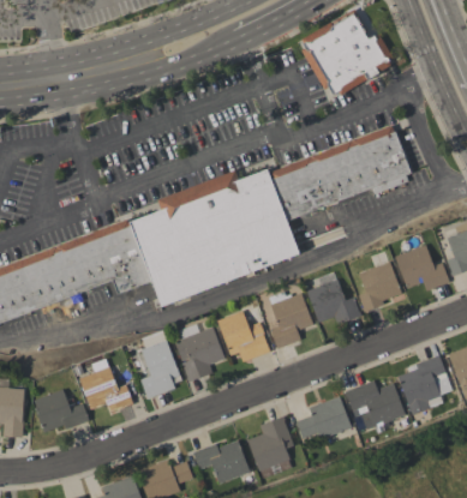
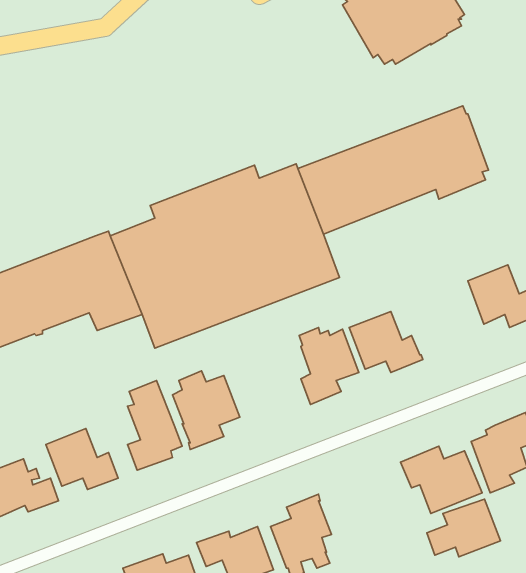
building: [358,262,402,312] -> none
building: [217,311,269,362] -> none
building: [297,397,352,440] -> [427,499,501,557]

